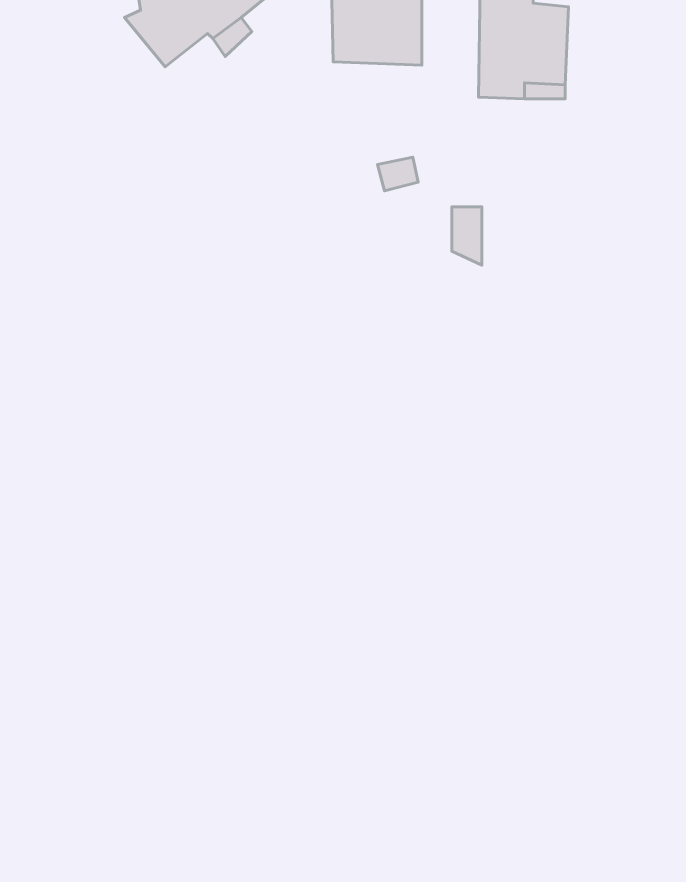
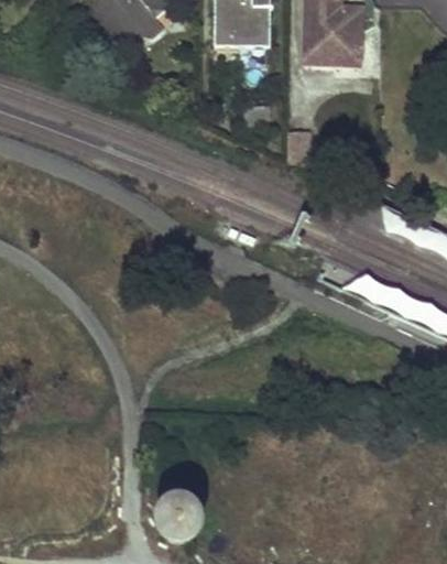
building: none -> [161,502,195,538]

